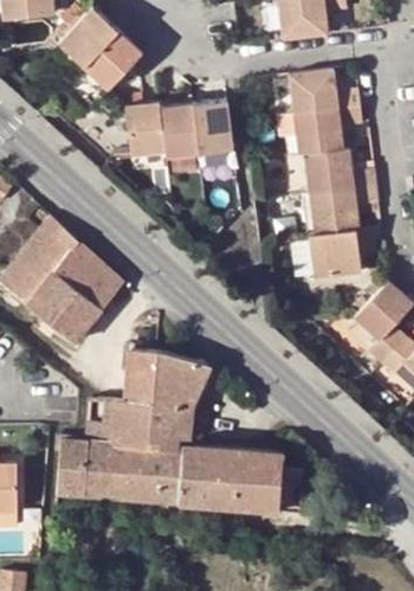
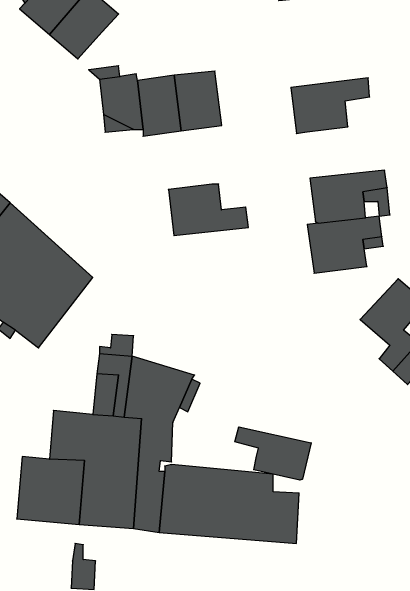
building: [290,70,362,116] -> none
building: [306,150,376,195] -> [168,184,248,236]
building: none -> [235,427,311,480]

